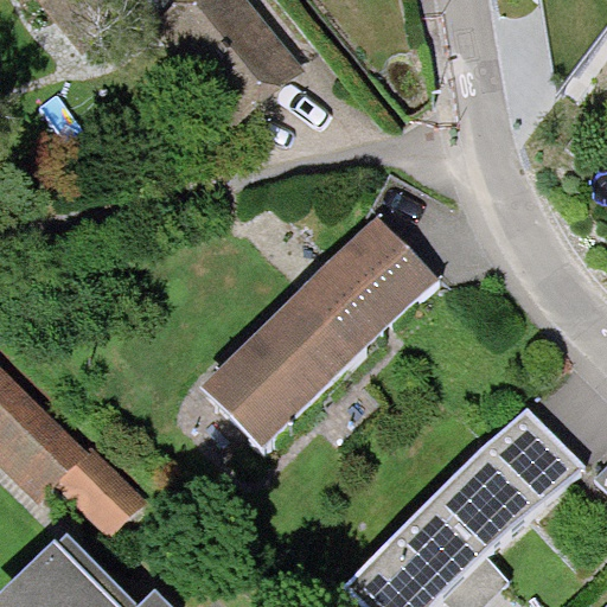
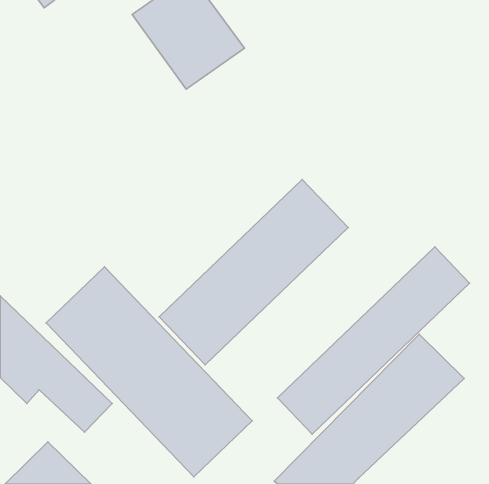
building: none -> [278,247,469,434]
building: none -> [46,267,252,477]

